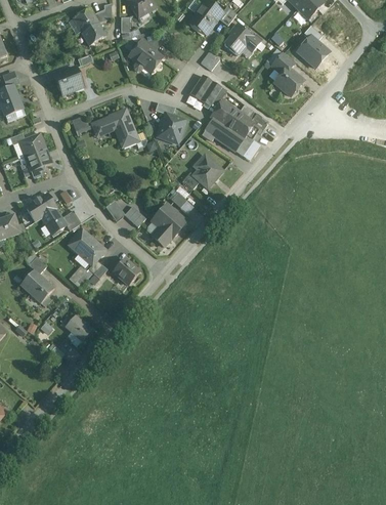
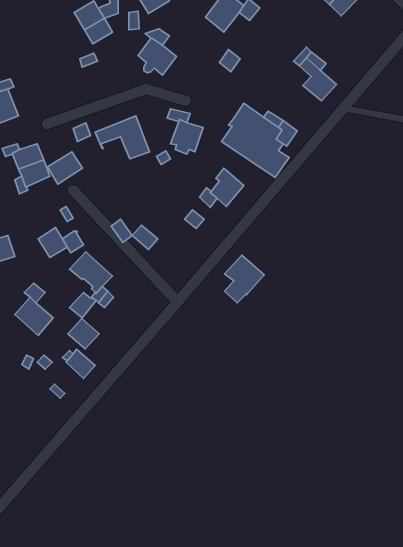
building: [224,22,261,54] -> none
building: [296,26,332,69] -> none
building: [55,67,84,94] -> none
building: [189,75,226,110] -> none
building: [26,193,56,221] -> [48,152,82,184]
building: [152,204,186,246] -> [225,255,264,303]
building: [113,258,140,285] -> [68,319,99,349]

